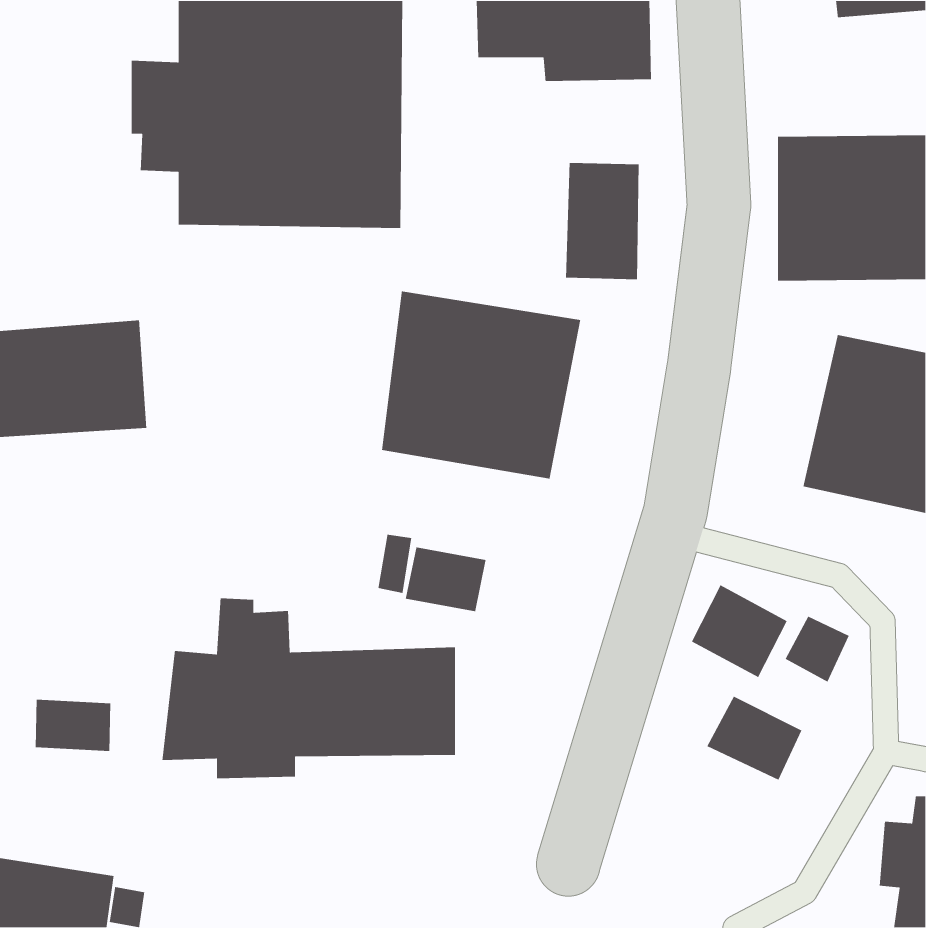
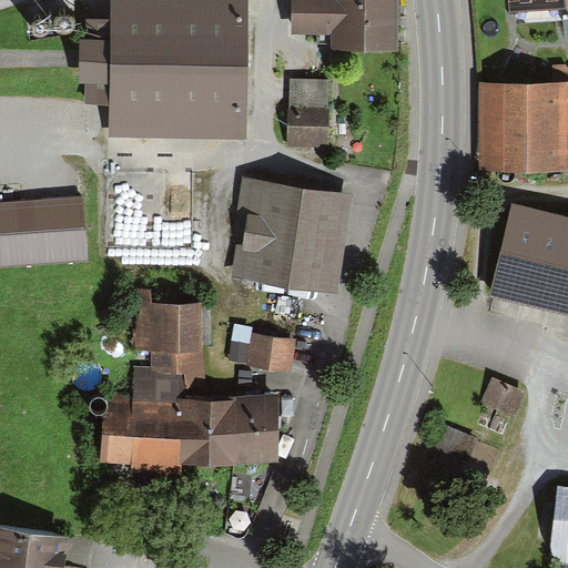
building: [565,162,640,280] -> [287,79,333,151]
building: none -> [128,287,206,374]
building: [691,584,788,678] -> none
building: [35,699,111,752] -> none

